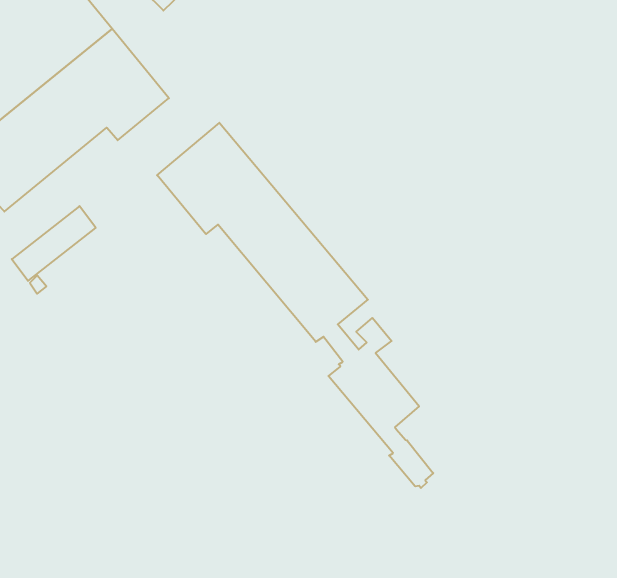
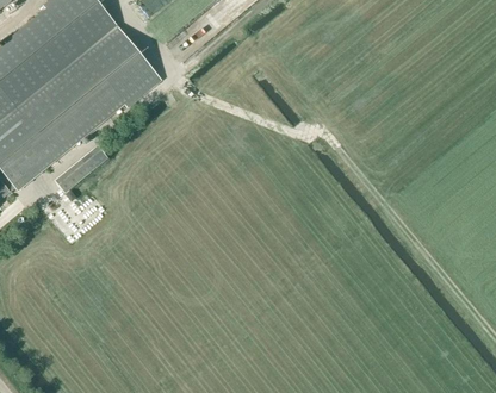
building: [157,123,433,488] -> none

